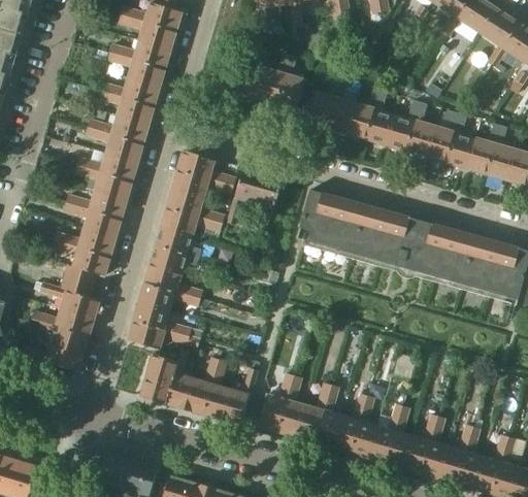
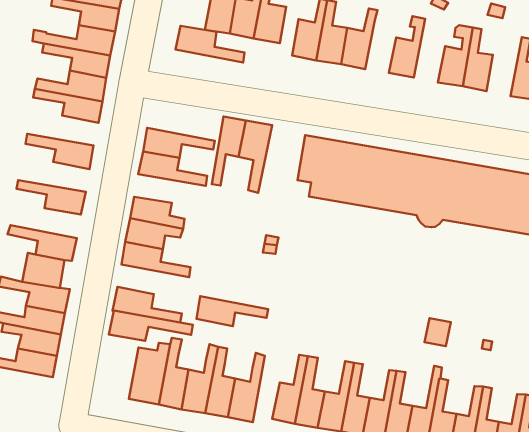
building: [365,90,394,143] -> none
building: [405,101,434,156] -> none
building: [465,123,499,173] -> none
building: [177,150,235,186] -> [175,26,245,62]
building: [76,152,137,179] -> none
building: [65,190,126,218] -> none
building: [161,207,222,234] -> none
building: [55,228,114,256] -> none
building: [139,281,200,309] -> [196,296,268,326]

